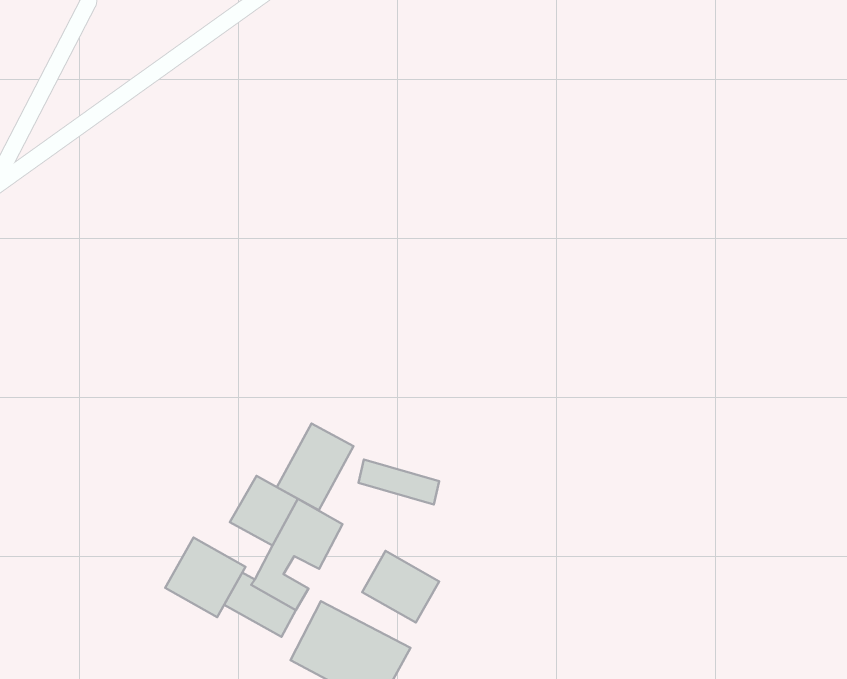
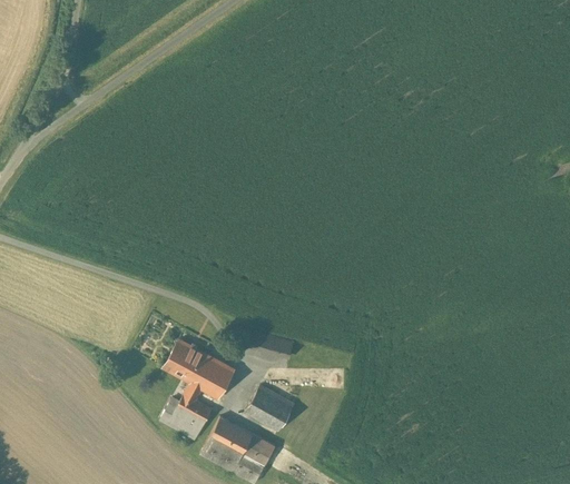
building: [277,423,353,510] -> none
building: [165,537,245,617] -> none

